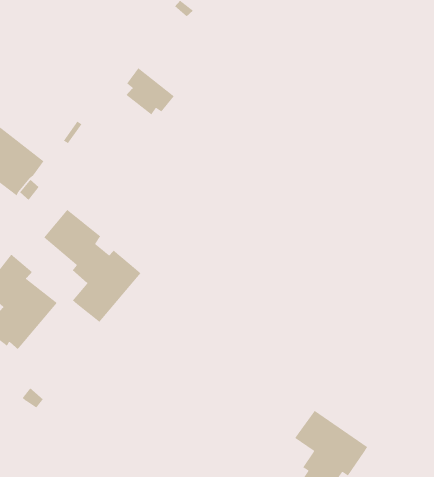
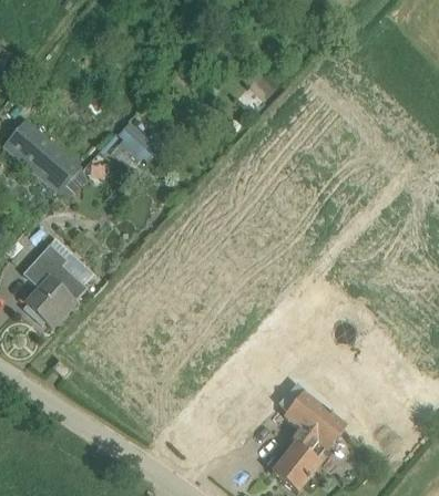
building: [126,67,175,116] -> [118,120,160,162]
building: [43,209,141,323] -> none

